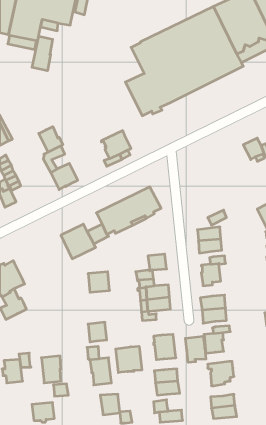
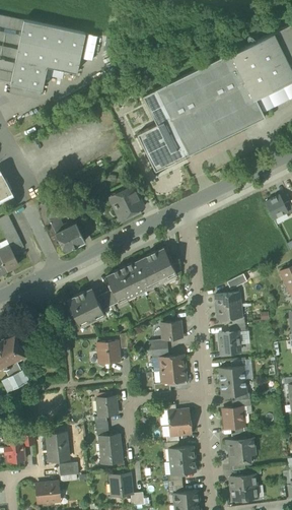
building: [32,36,53,71] -> none
building: [39,127,63,152] -> none
building: [185,336,206,362] -> none
building: [116,346,142,373] -> none

